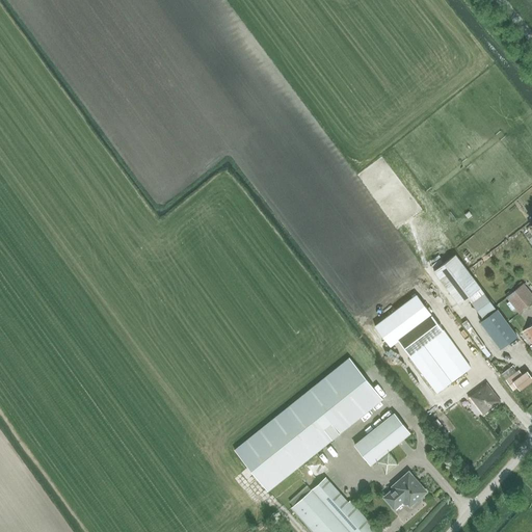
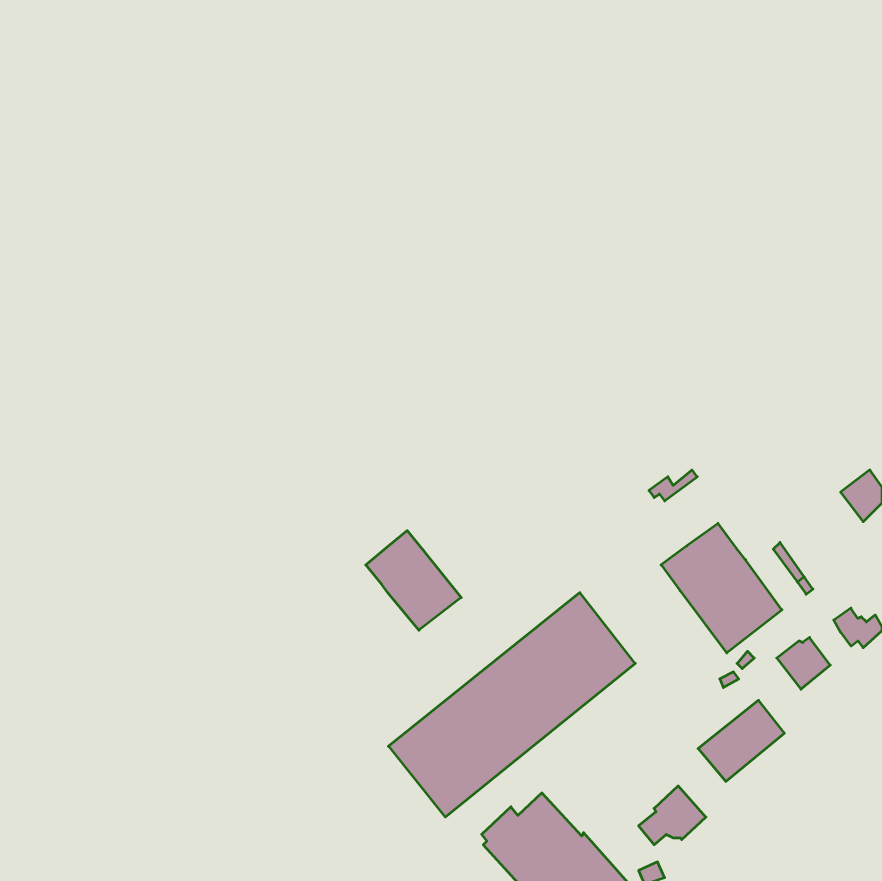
building: [434,256,516,349] -> none
building: [376,295,432,346] -> none
building: none -> [366,531,461,630]
building: [354,417,406,466] -> [698,700,784,781]

